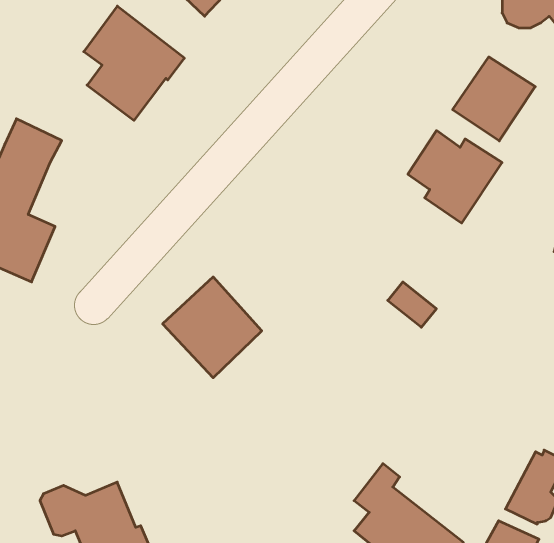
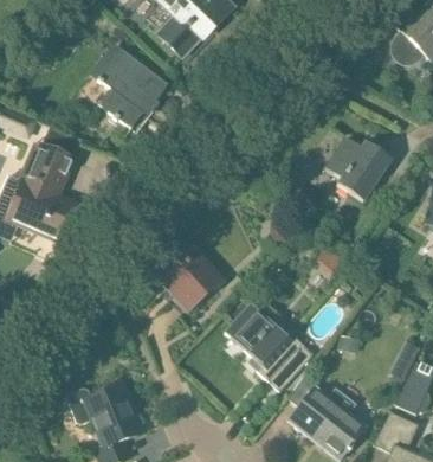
building: [453,57,535,141] -> none
building: none -> [226,302,315,390]

